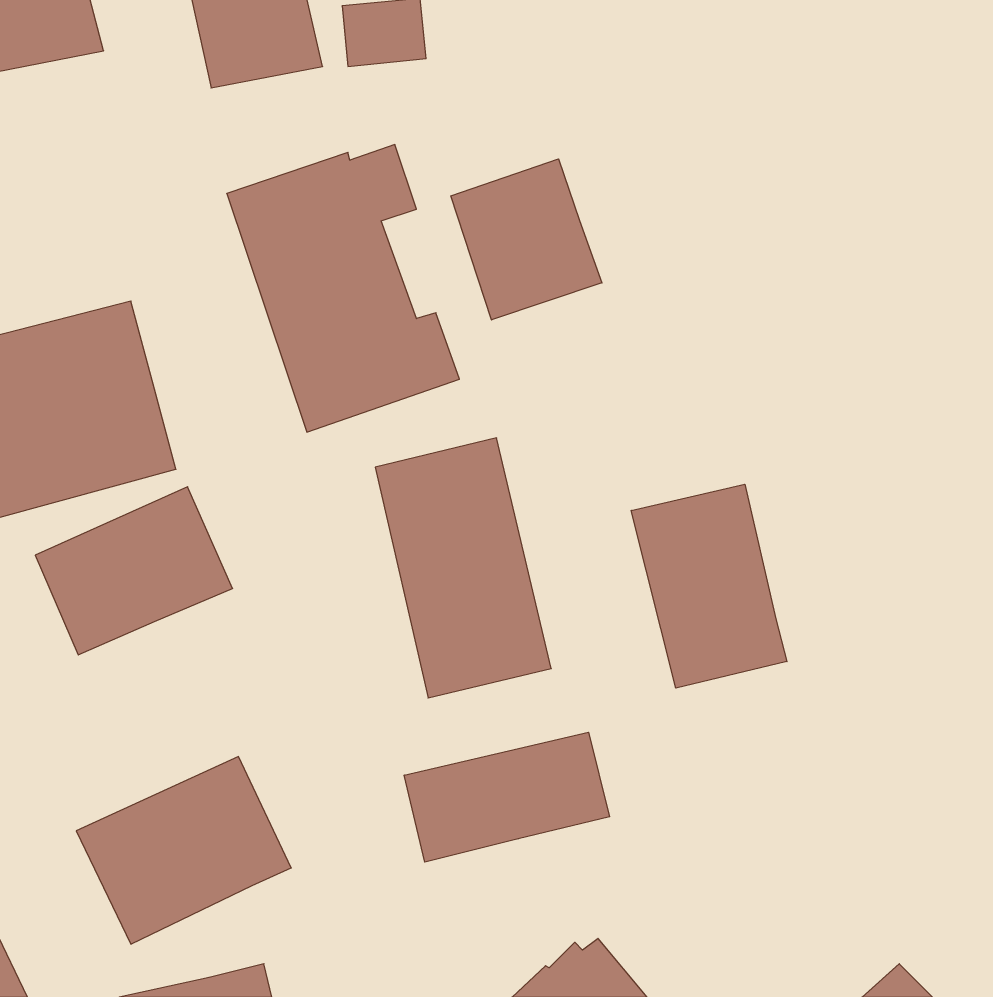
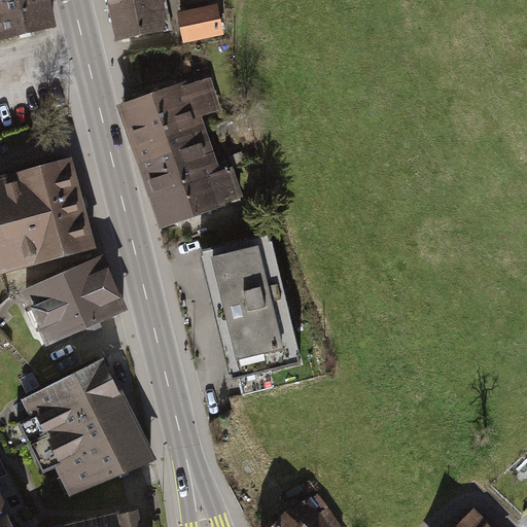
building: [451,159,602,320] -> none
building: [631,484,787,688] -> none
building: none -> [21,358,126,437]
building: [404,732,610,862] -> none

